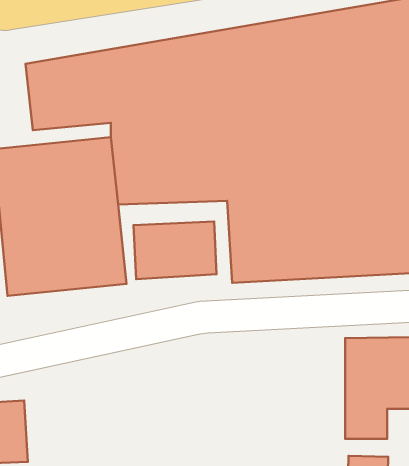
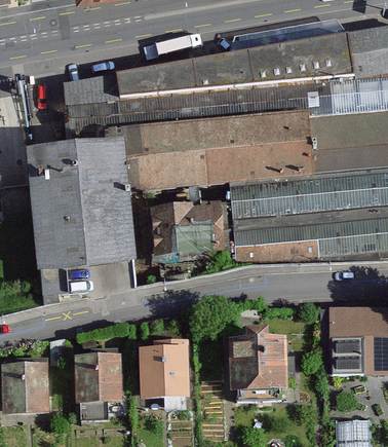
building: none -> [230,338,298,396]
building: none -> [140,350,193,406]
building: none -> [77,355,125,409]

